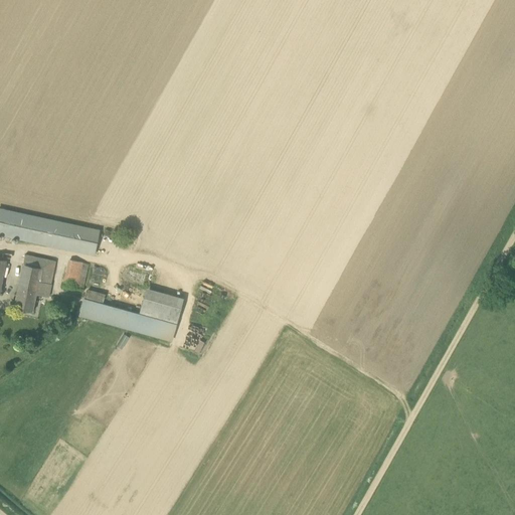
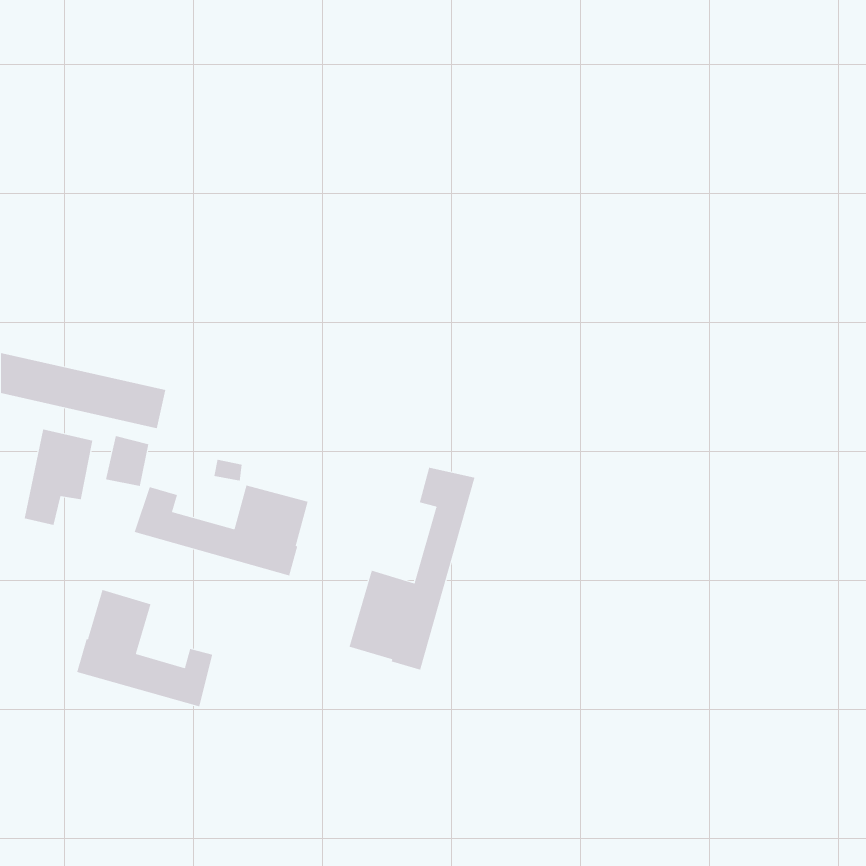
building: none -> [349,467,475,670]
building: none -> [77,589,213,707]

